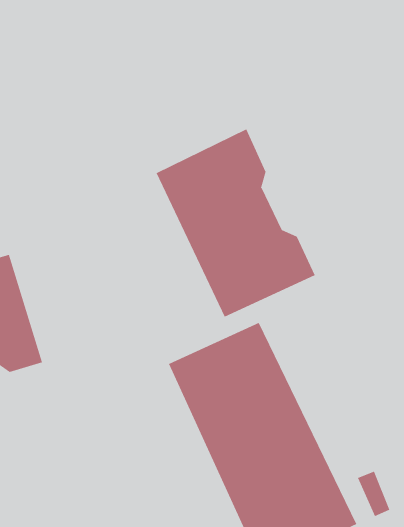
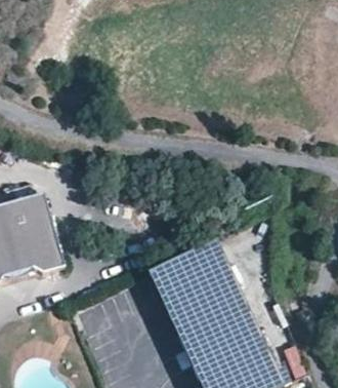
building: [156,129,315,317] -> none

